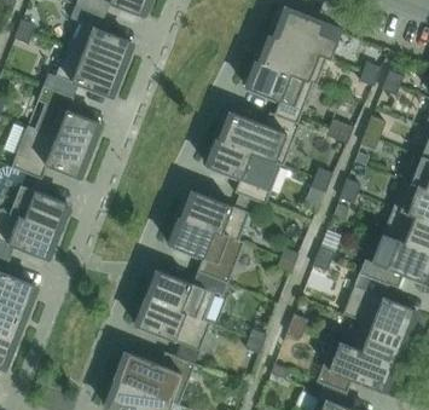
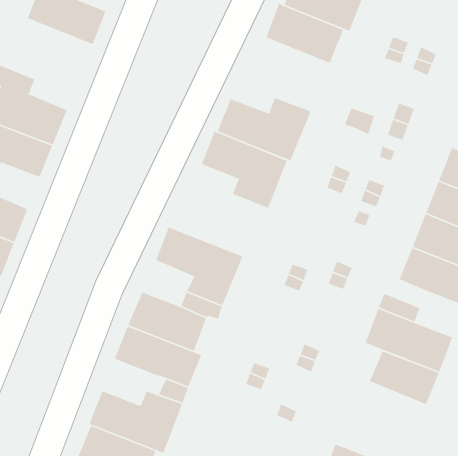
building: [54,47,120,97] -> none
building: [247,60,312,122] -> none
building: [181,191,248,242] -> none
building: [315,339,393,392] -> none

